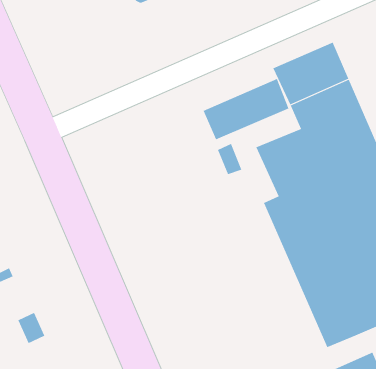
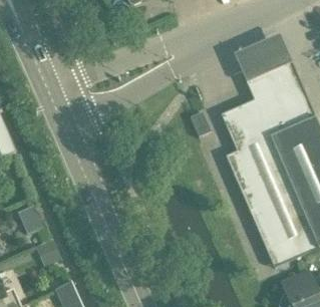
building: [203,78,289,140] -> none

